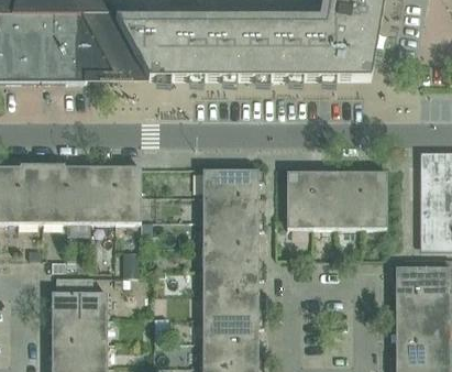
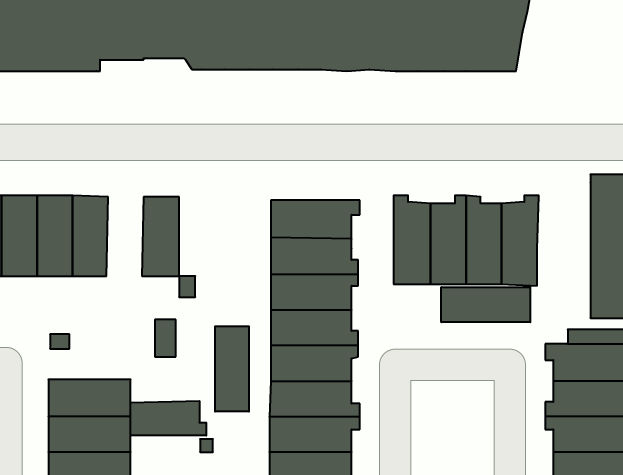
building: [90,167,115,221] -> none
building: none -> [441,287,530,322]
building: none -> [215,326,249,412]
building: none -> [131,401,206,436]

